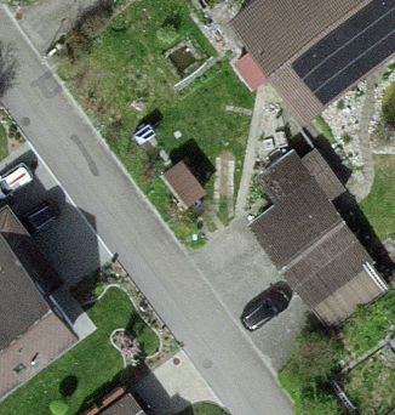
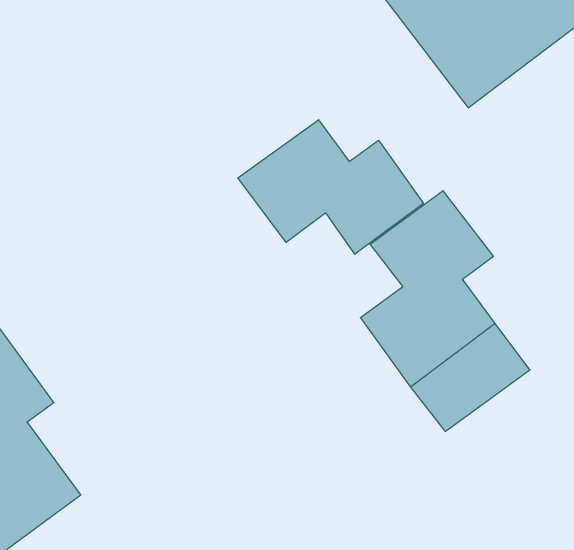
building: none -> [238,120,423,254]

